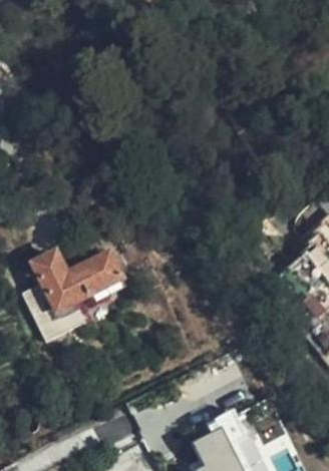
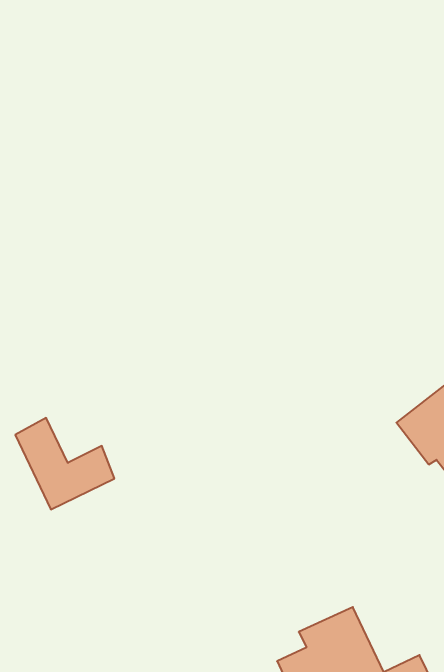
building: [35,250,124,310] -> none

